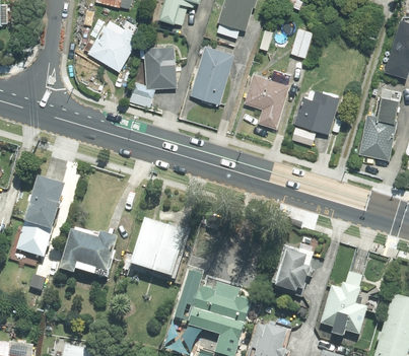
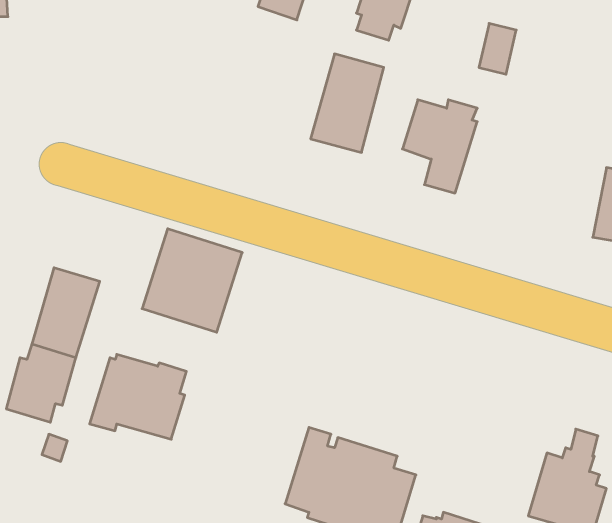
building: [87,19,143,73] -> none
building: [131,46,176,100] -> none
building: [290,89,340,146] -> none
building: [129,217,189,279] -> [142,229,242,332]
building: [270,242,314,296] -> none

